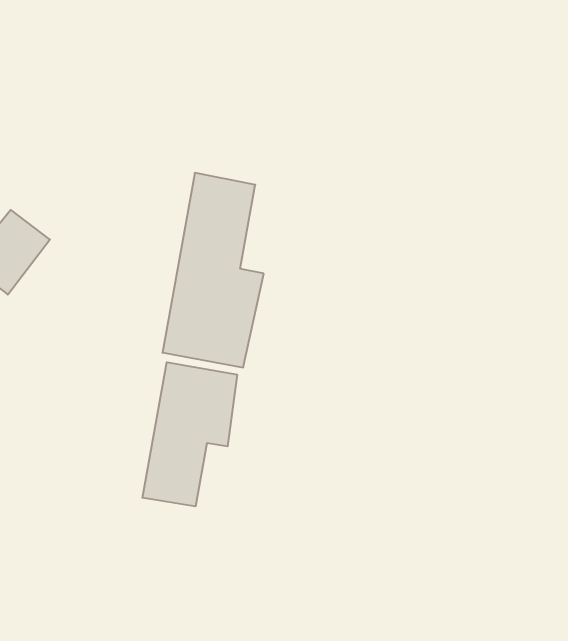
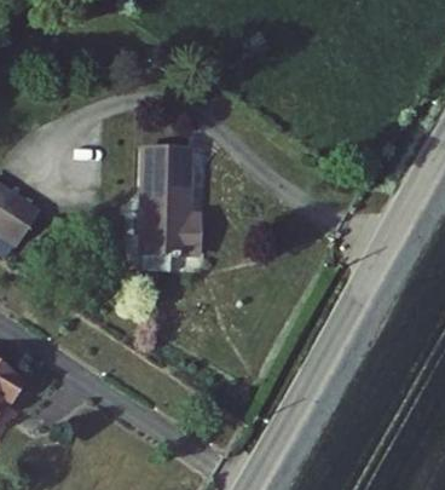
building: [142,362,237,506] -> none

